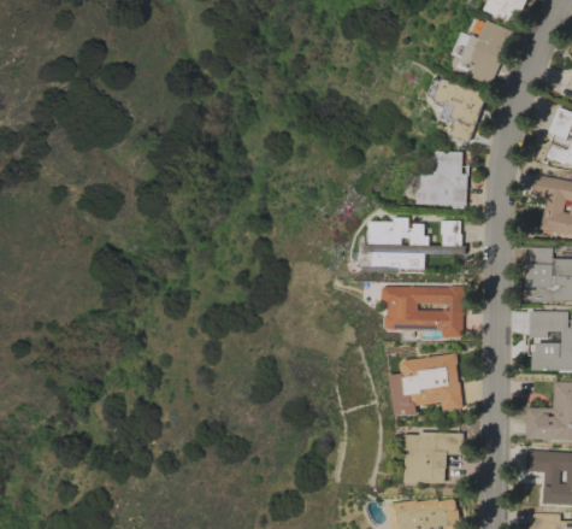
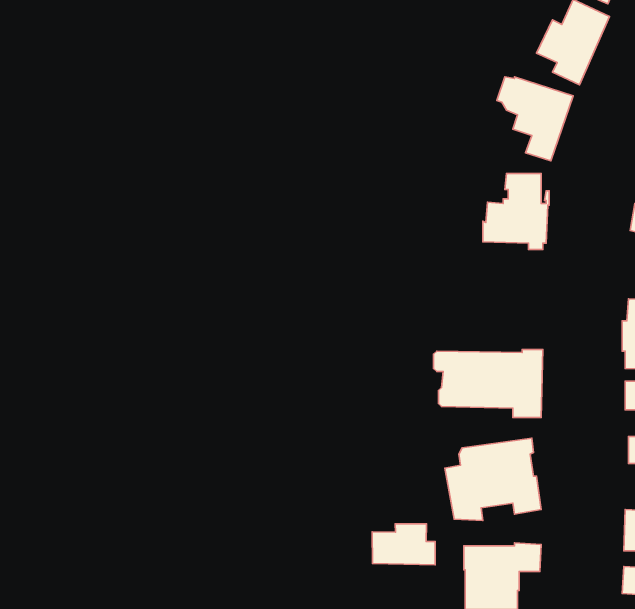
building: [365,217,465,269] -> none
building: none -> [372,524,435,565]

